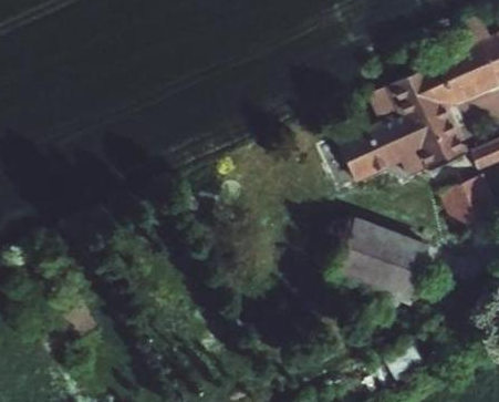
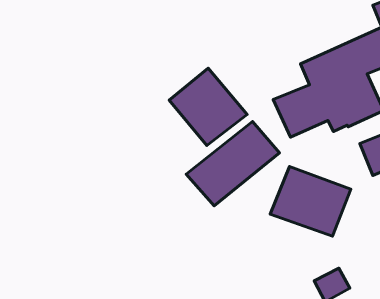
building: none -> [169,68,247,146]
building: none -> [186,121,279,206]

